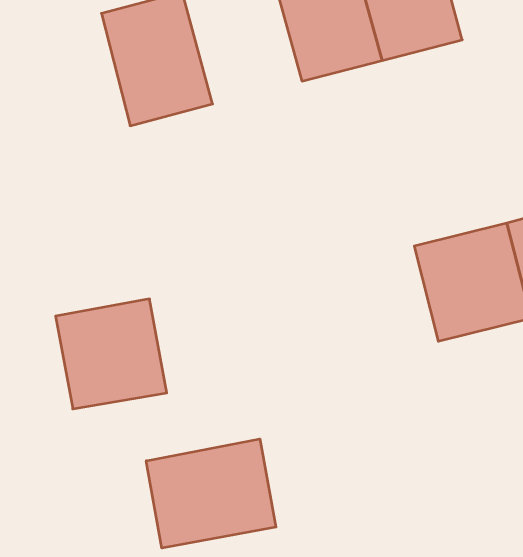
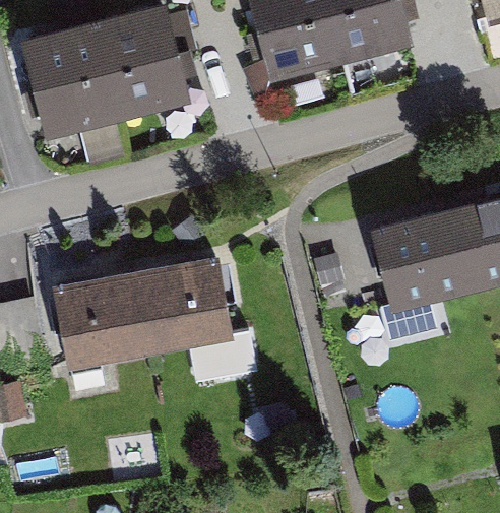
building: none -> [20,21,119,139]
building: none -> [136,259,235,358]
building: [146,439,276,548] -> none

